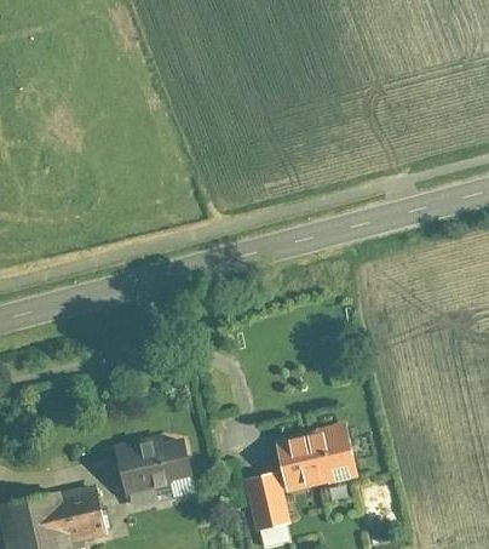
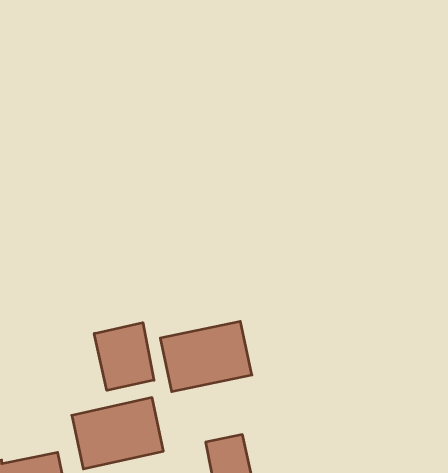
building: none -> [94,323,154,390]
building: [277,425,364,492] -> [160,321,252,392]

